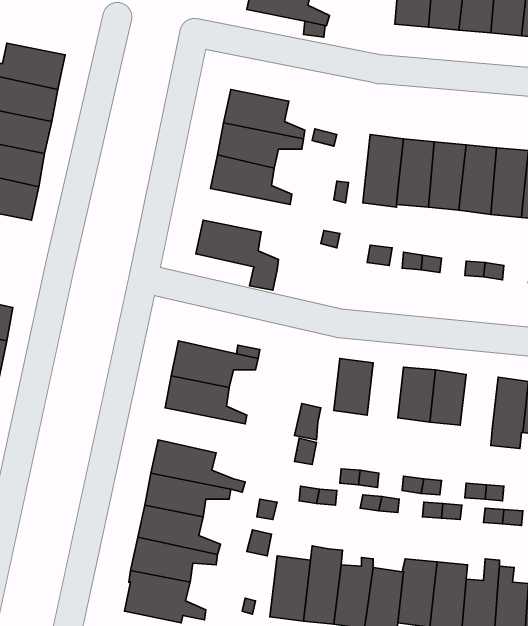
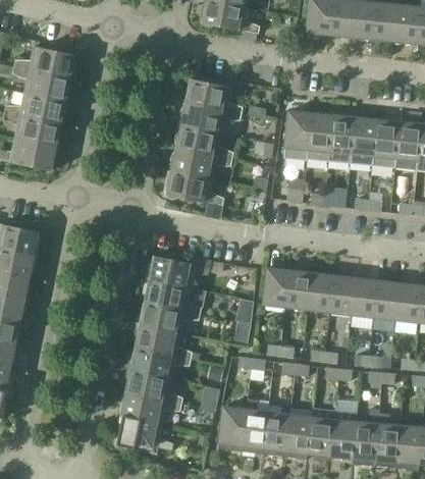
building: none -> [171,148,232,178]
building: none -> [286,270,312,309]
building: none -> [351,278,378,328]
building: none -> [140,302,201,333]

